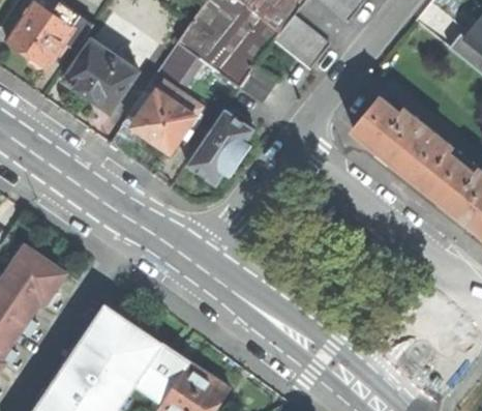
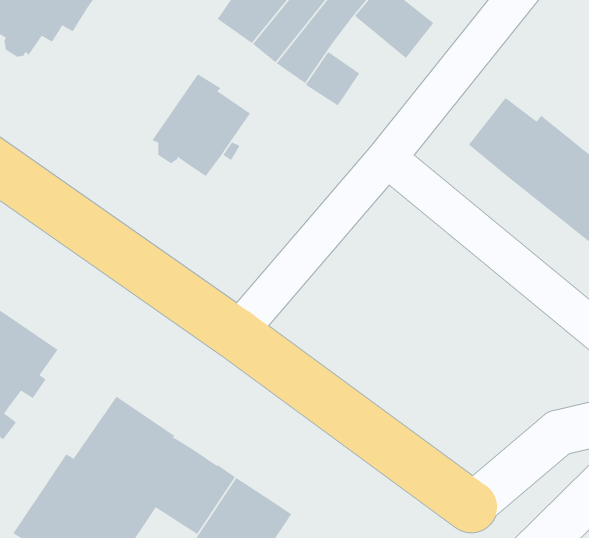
building: [64,40,138,112] -> none
building: [155,42,202,91] -> none
building: [186,110,253,186] -> none

